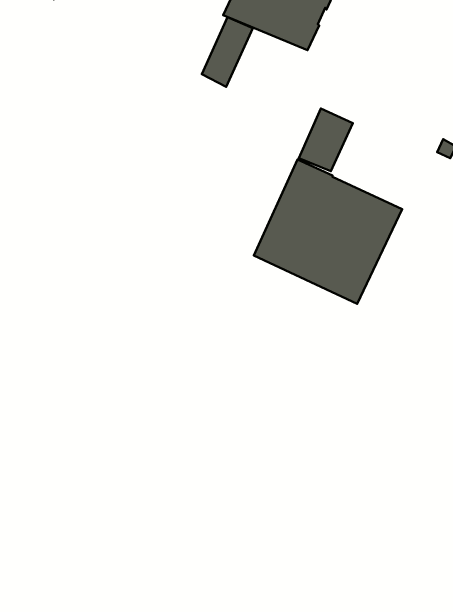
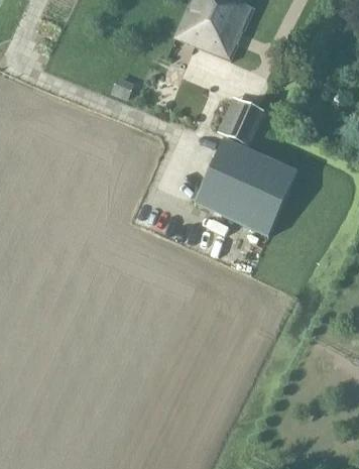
building: [202,17,253,87] -> none

